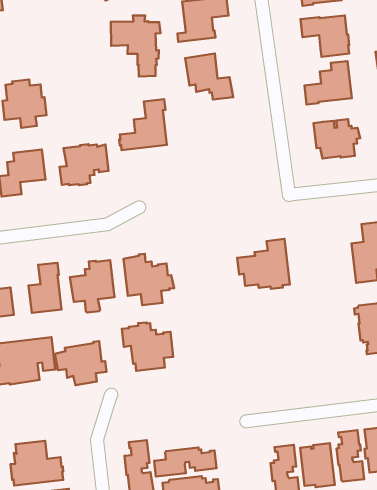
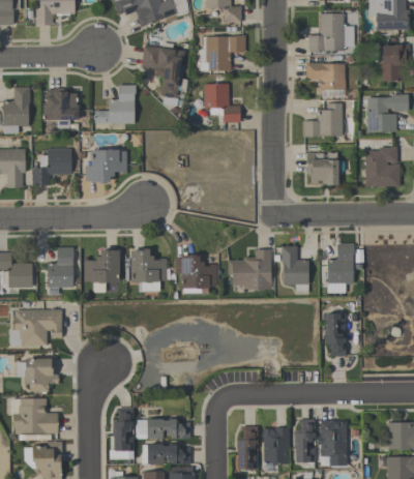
building: [119,99,167,150] -> [93,85,136,124]
building: none -> [282,246,308,293]
building: [122,322,173,371] -> [175,255,216,295]
building: [55,341,106,385] -> [16,357,58,392]

